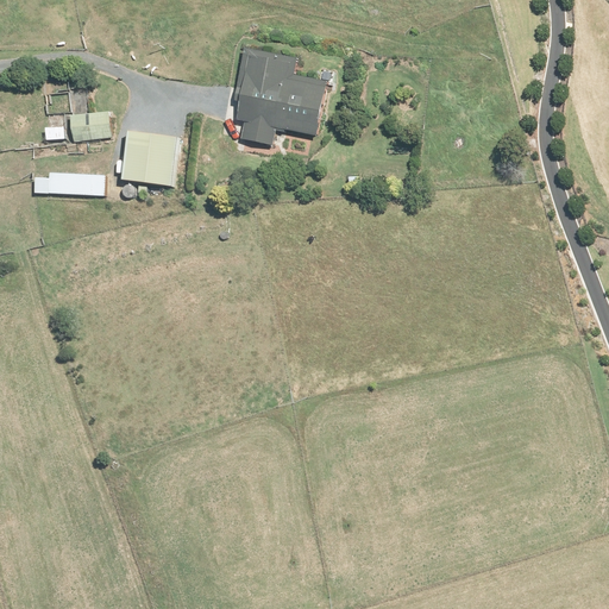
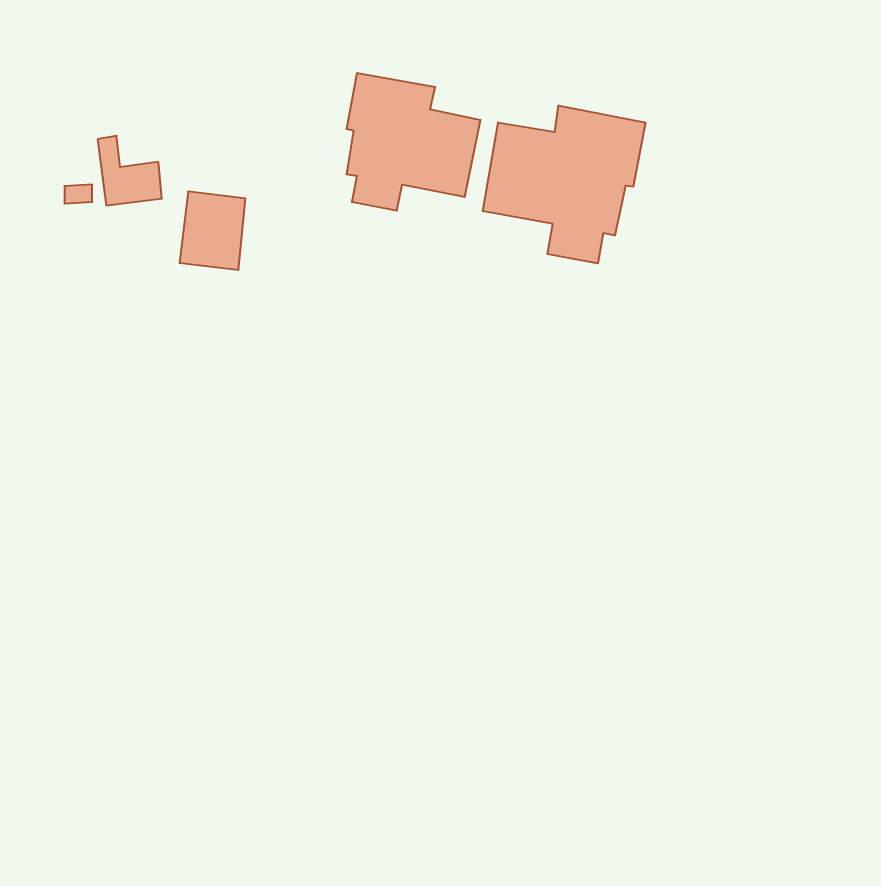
building: none -> [483,105,645,263]
building: [33,172,103,195] -> none

